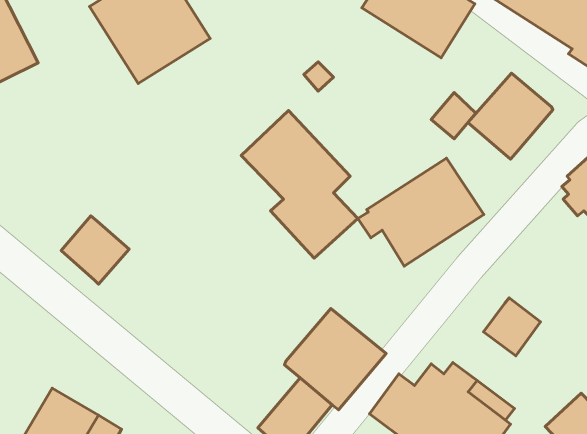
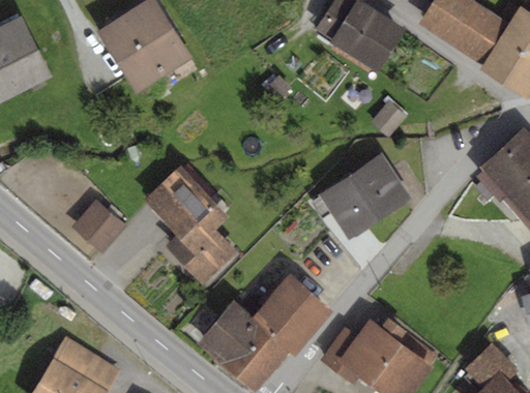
building: [468,73,553,159] -> none
building: [241,111,358,258] -> [142,164,236,283]
building: [483,298,541,356] -> none
building: none -> [197,300,264,370]

